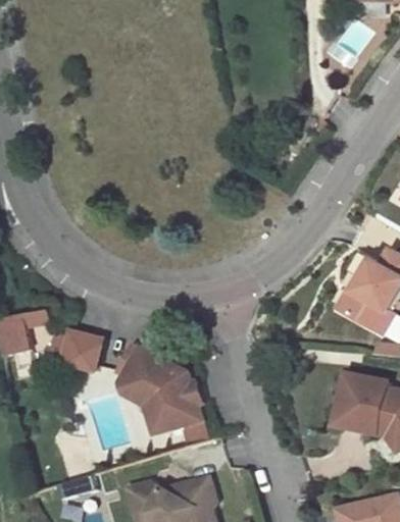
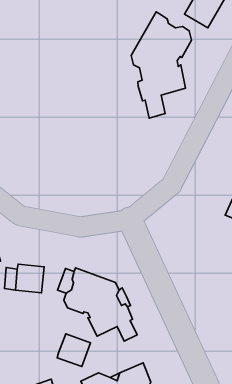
building: none -> [131,12,192,118]
building: none -> [57,334,90,367]

